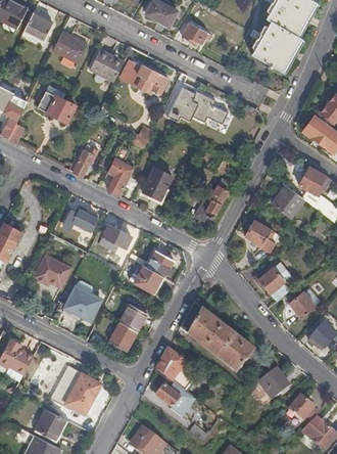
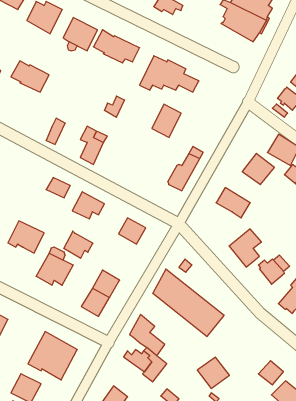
building: [142,167,172,200] -> [152,104,181,137]
building: [135,265,164,292] -> [64,231,93,258]
building: [257,367,290,399] -> [197,357,229,388]

